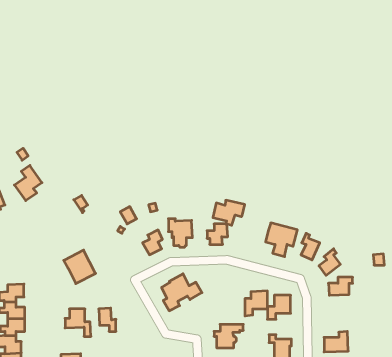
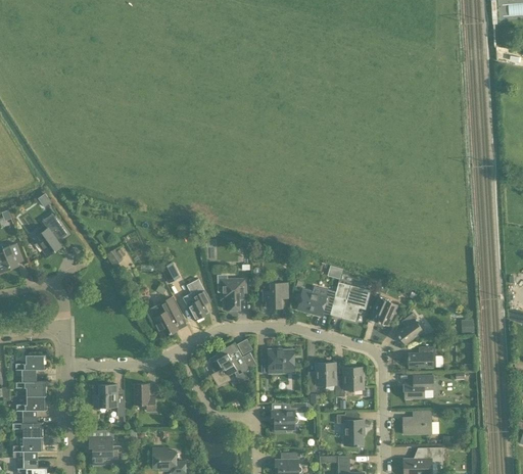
building: [213,200,245,225] -> [298,286,336,316]
building: [64,250,96,284] -> [148,297,186,337]
building: none -> [262,348,294,373]
building: none -> [403,376,432,398]

